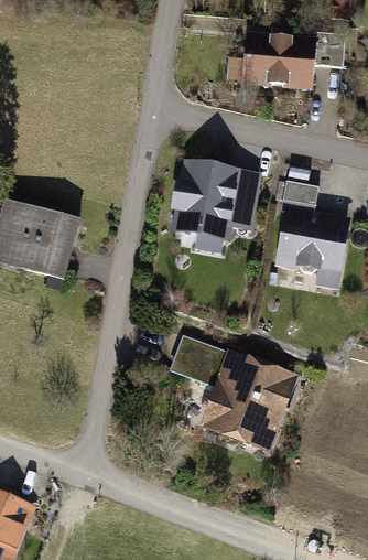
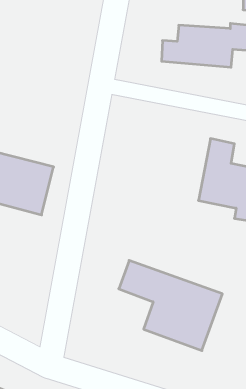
building: [173,165,262,252] -> none

